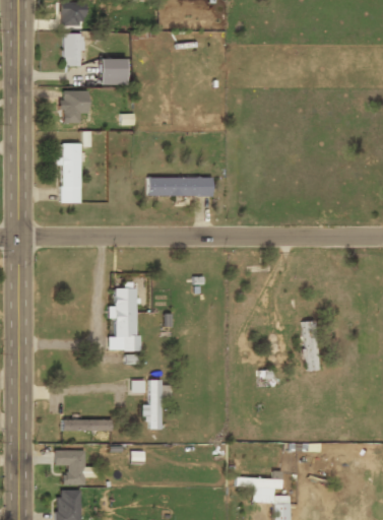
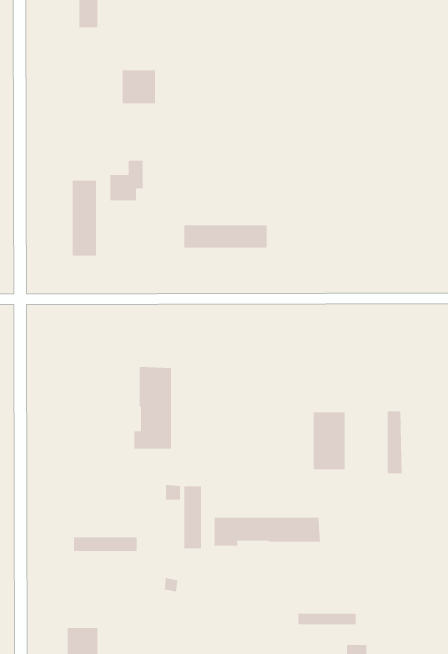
building: [64,34,83,66] -> none
building: [61,91,87,123] -> [109,160,143,201]
building: none -> [313,411,345,470]
building: none -> [214,517,321,547]
building: [55,450,85,484] -> none

